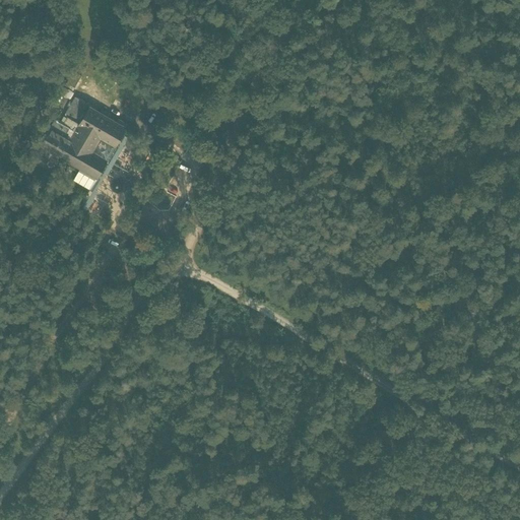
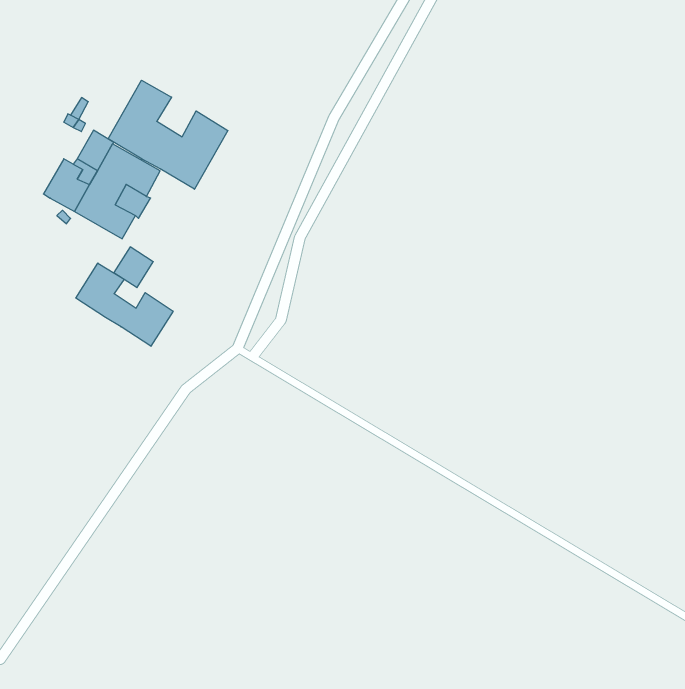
building: none -> [108,80,228,189]
building: none -> [76,263,173,346]

